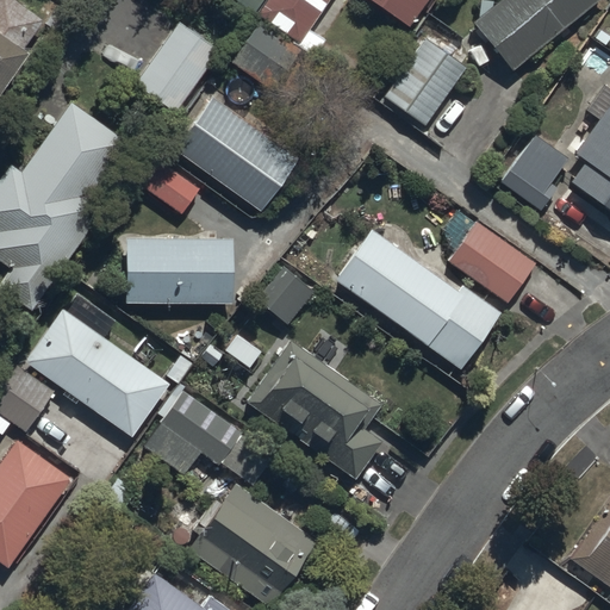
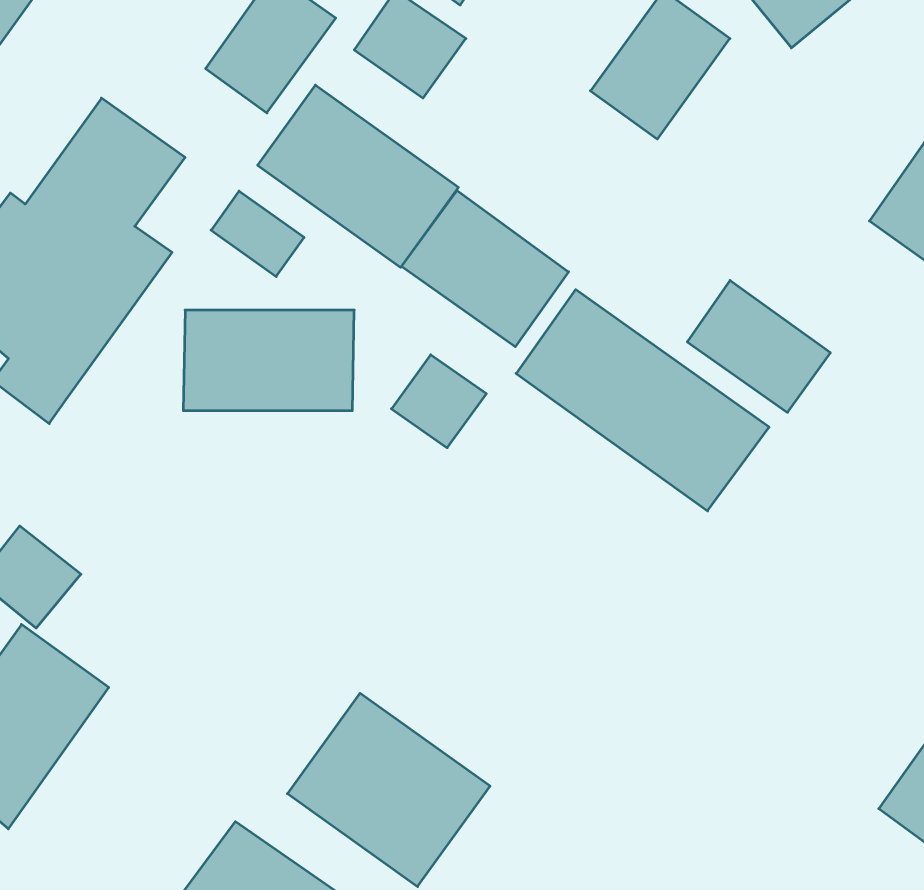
building: [499,133,572,210] -> none
building: none -> [402,190,569,347]
building: [25,309,169,435] -> none
building: [244,338,381,480] -> none
building: [143,390,239,487] -> none

